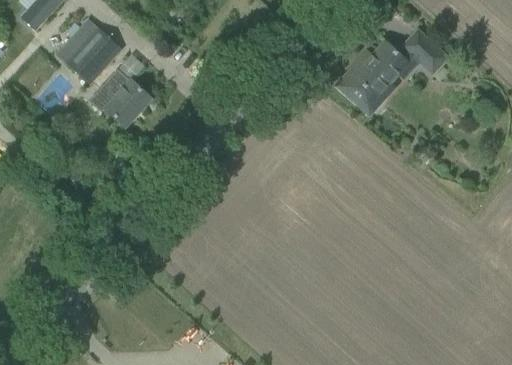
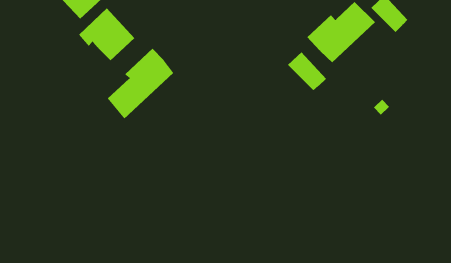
building: none -> [287,52,327,91]
building: none -> [107,48,174,119]

